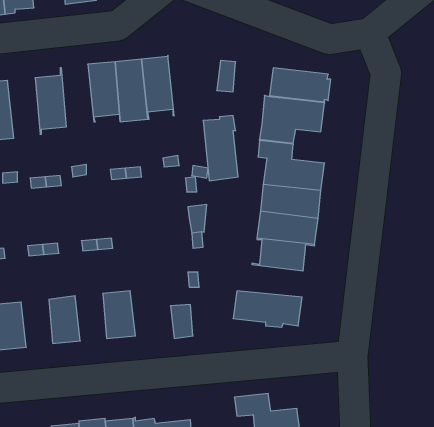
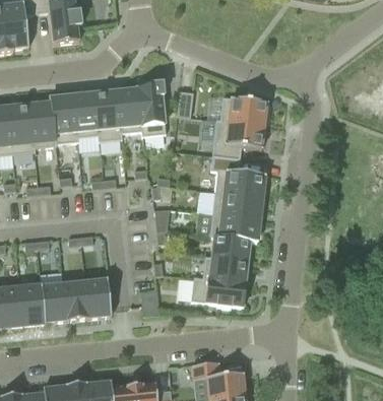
building: none -> [51,93,77,144]
building: none -> [7,105,34,153]
building: [203,116,238,181] -> [137,82,166,135]
building: none -> [193,256,247,282]
building: none -> [62,279,87,318]
building: none -> [18,284,44,323]

